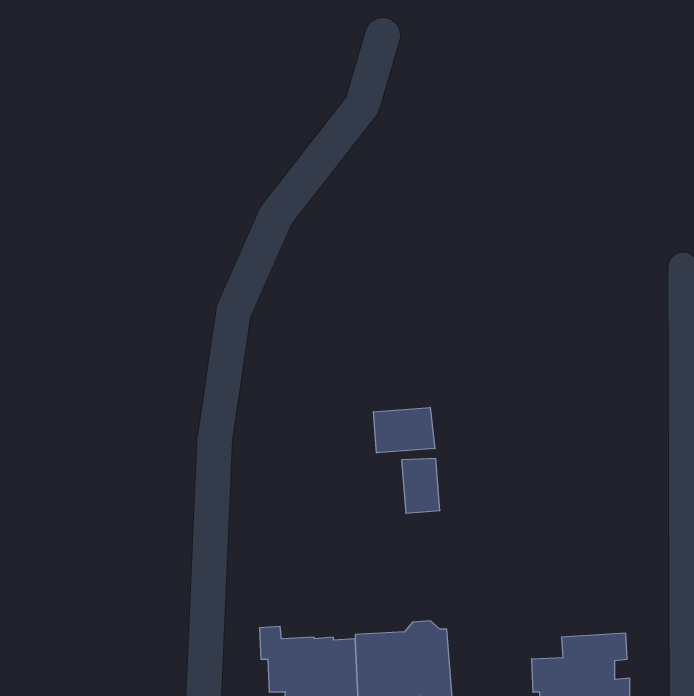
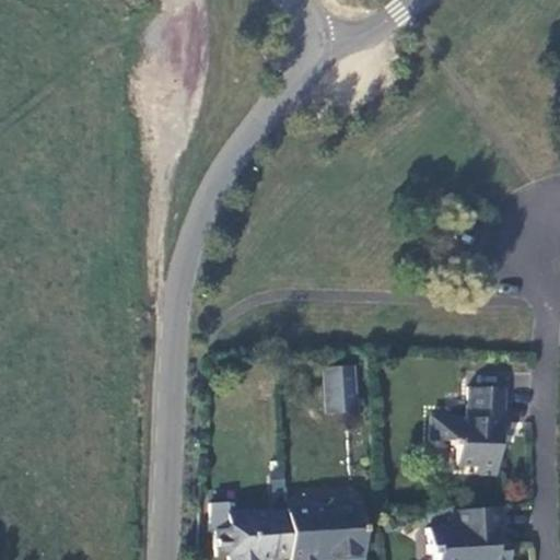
building: [373,407,435,453] -> none
building: none -> [432,389,505,476]

